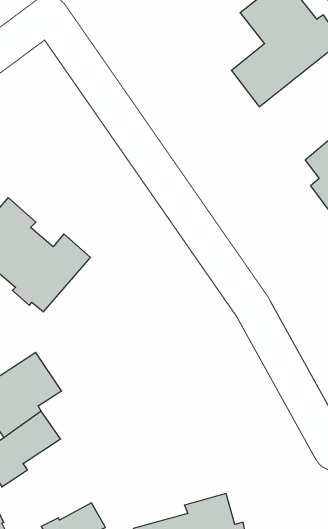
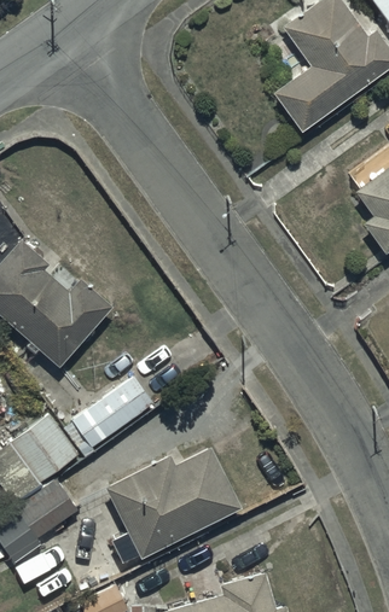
building: none -> [71,374,156,448]
building: none -> [106,445,245,565]

